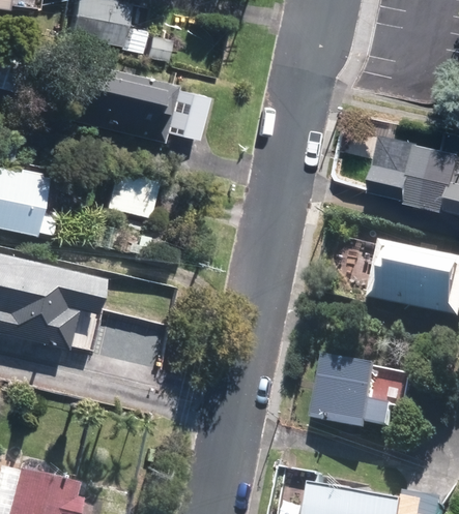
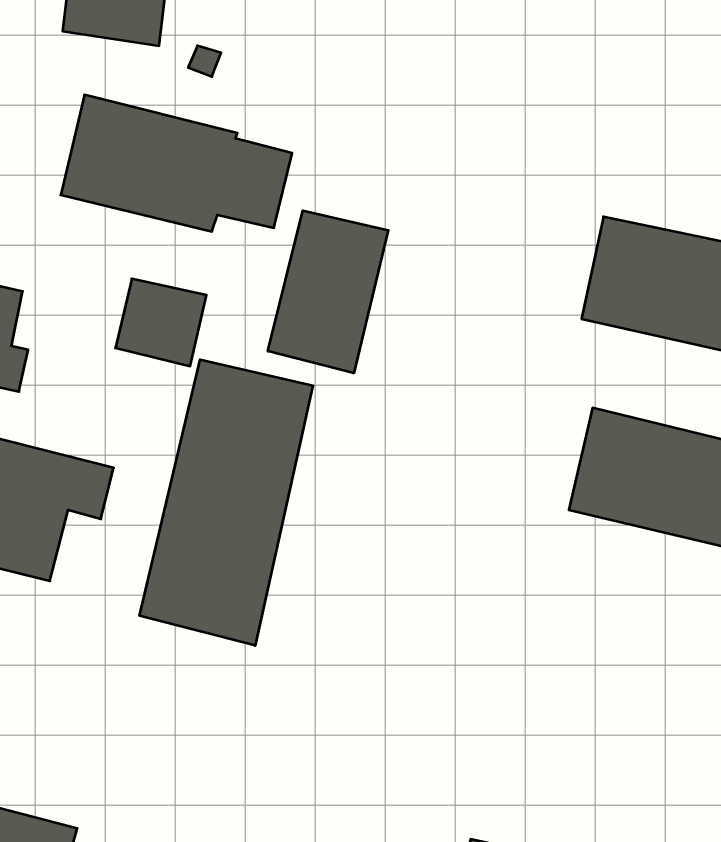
building: none -> [268,211,388,373]
building: none -> [140,360,313,646]
building: [310,359,400,430] -> none

